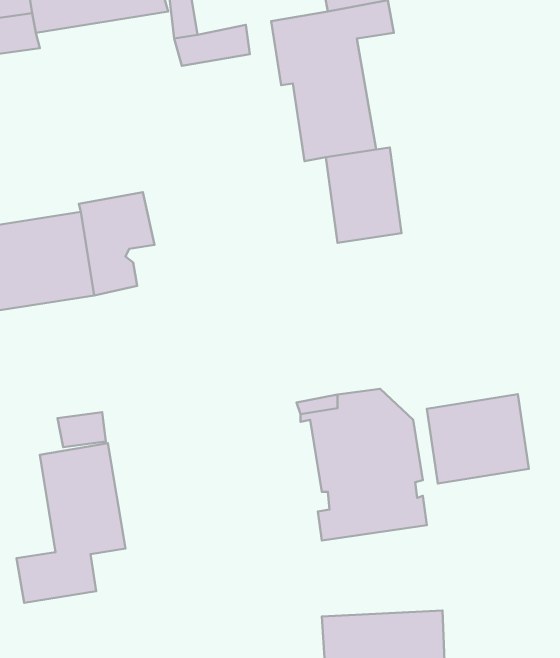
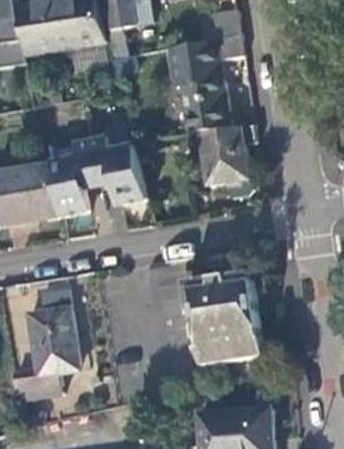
building: none -> [89,145,145,204]
building: [427,394,529,483] -> none

